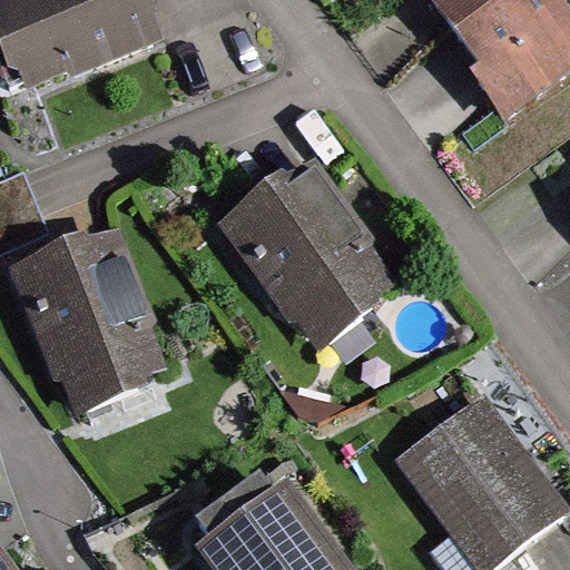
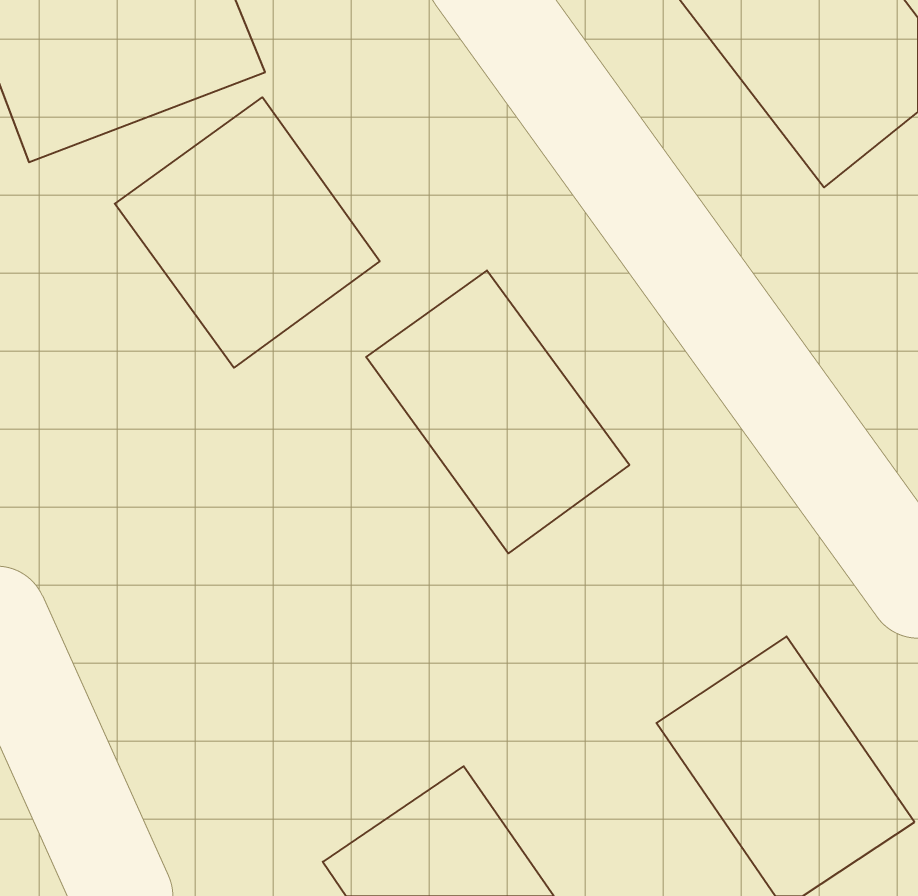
building: none -> [115,97,380,368]
building: [17,237,175,416] -> none

